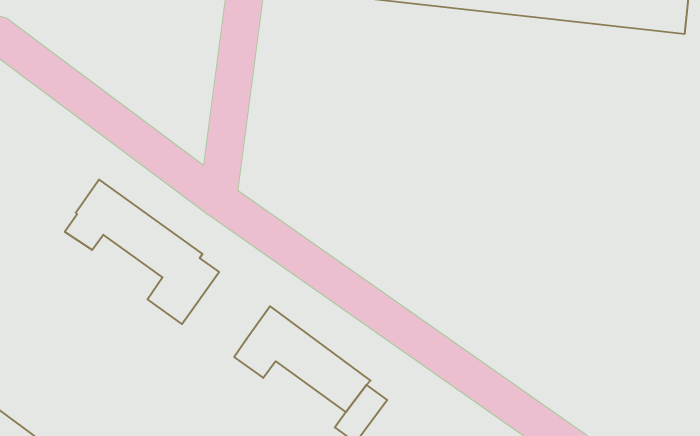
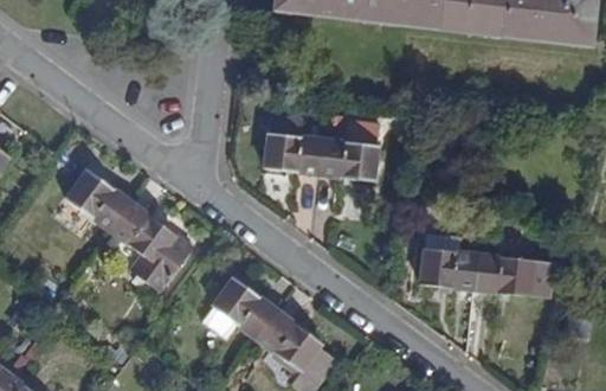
building: none -> [266,116,378,179]
building: none -> [423,249,553,297]

